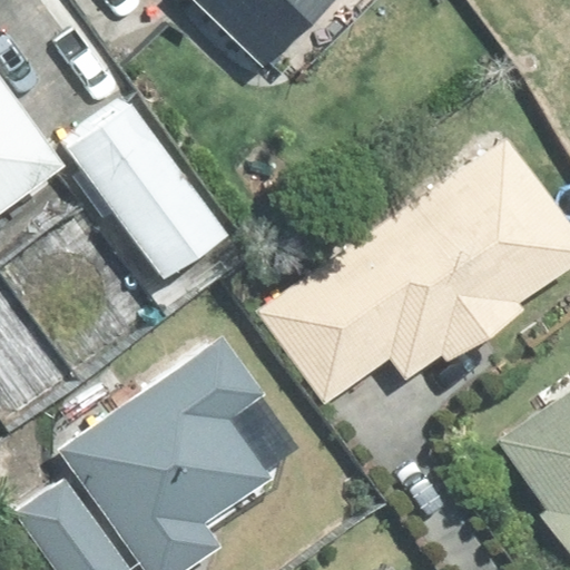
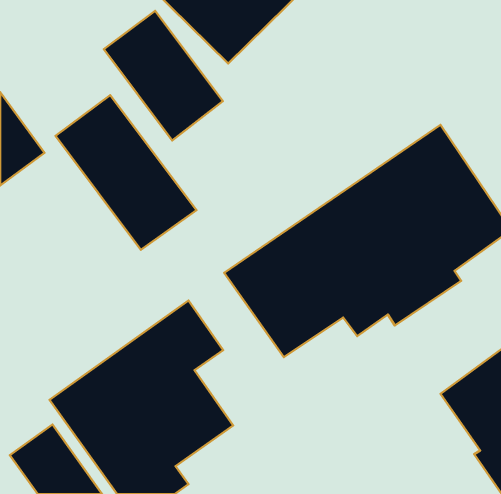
building: none -> [104,11,223,141]

